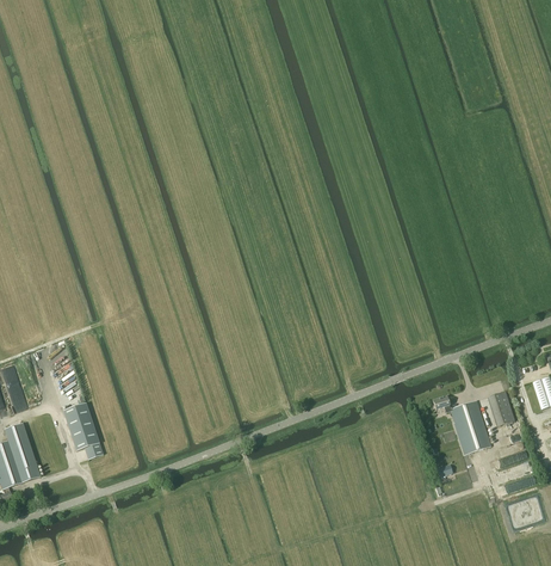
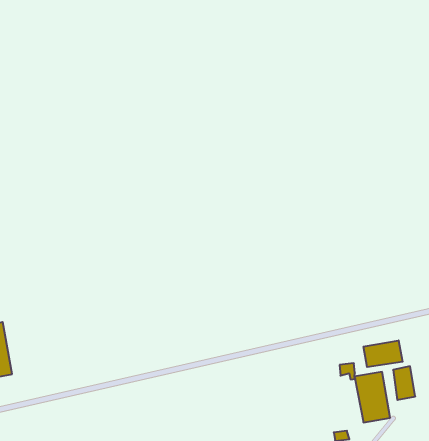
building: none -> [364,340,403,367]

